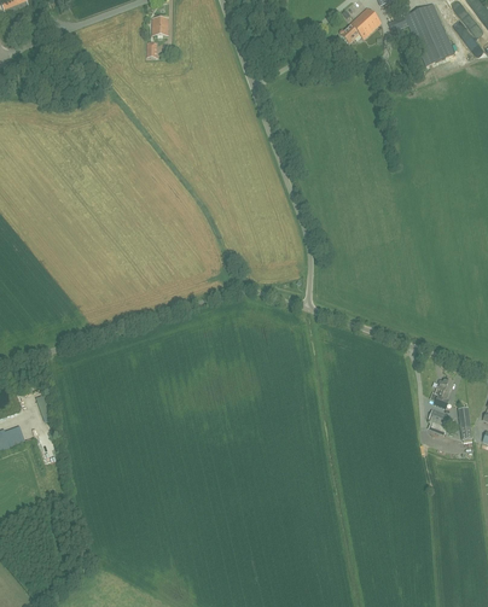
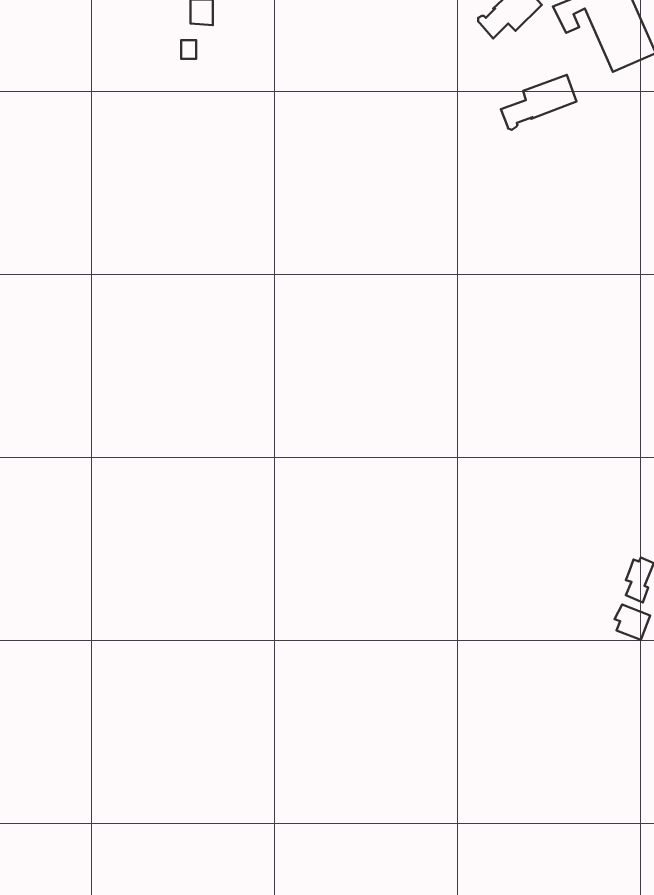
building: none -> [501,75,576,130]

